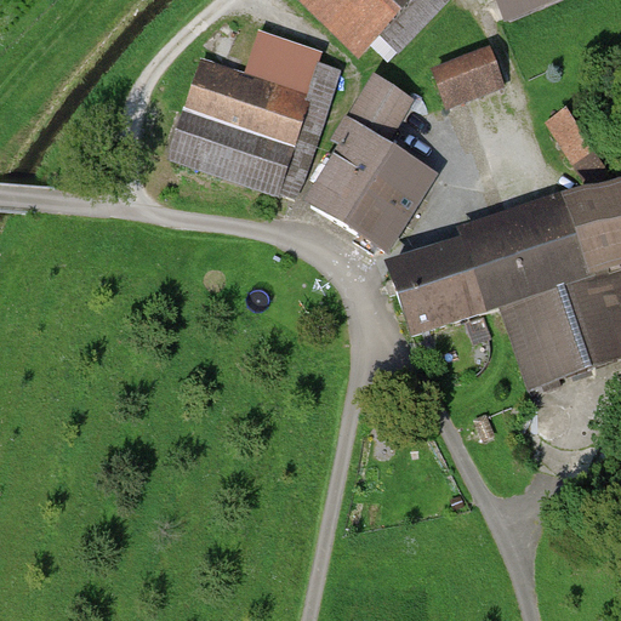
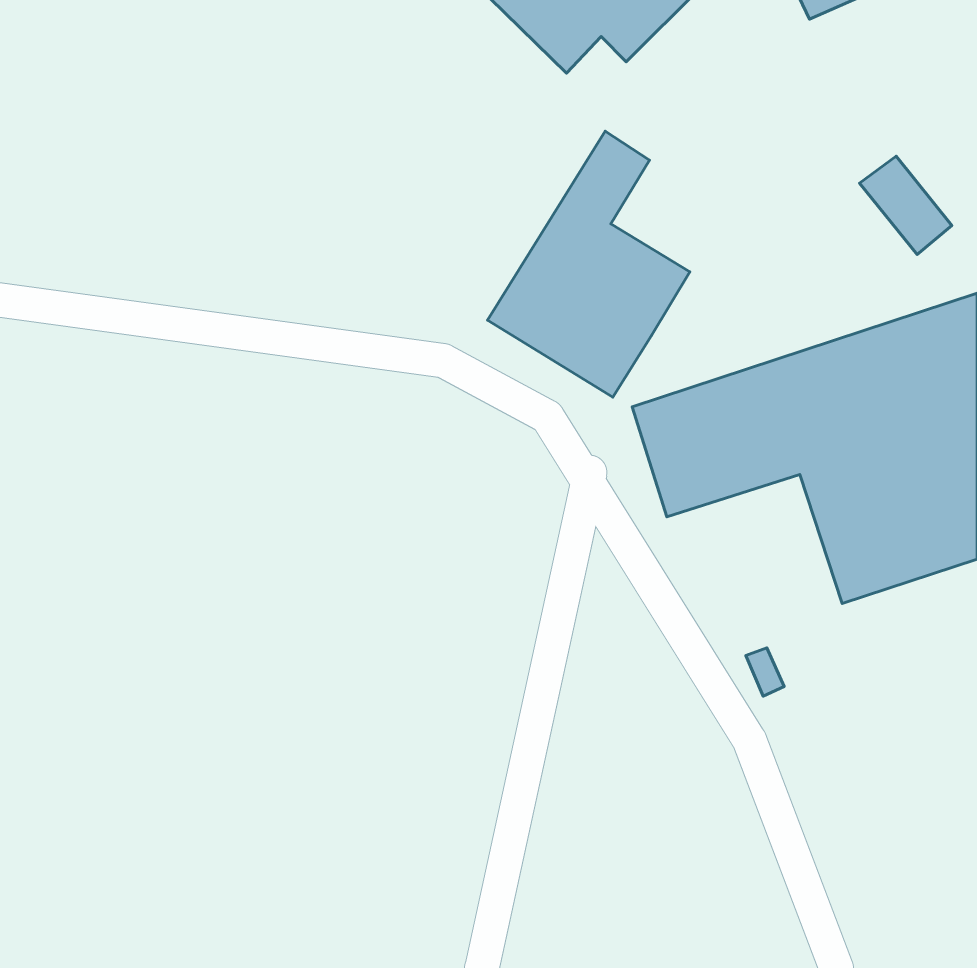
building: [172,36,336,192] -> none
building: [433,45,500,101] -> none

